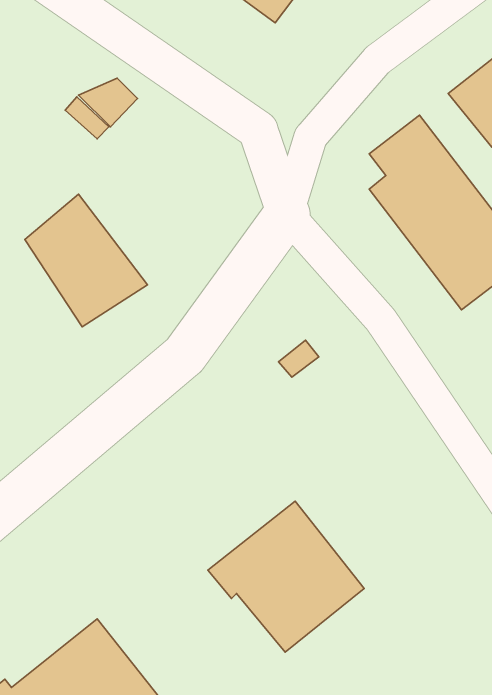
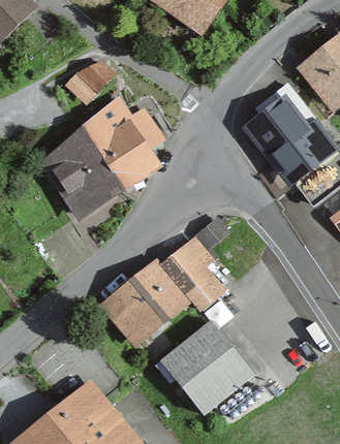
building: none -> [75,75,158,190]
building: none -> [162,243,220,311]
building: none -> [109,269,182,339]

